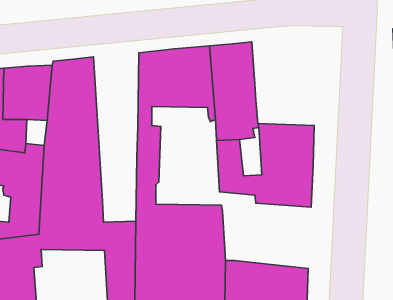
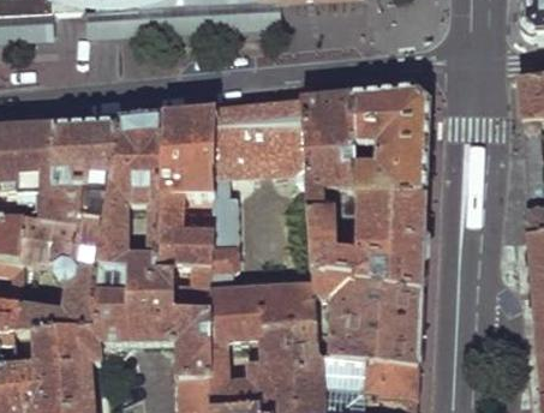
building: none -> [349,86,429,192]
building: none -> [161,106,215,307]
building: none -> [311,271,420,363]

